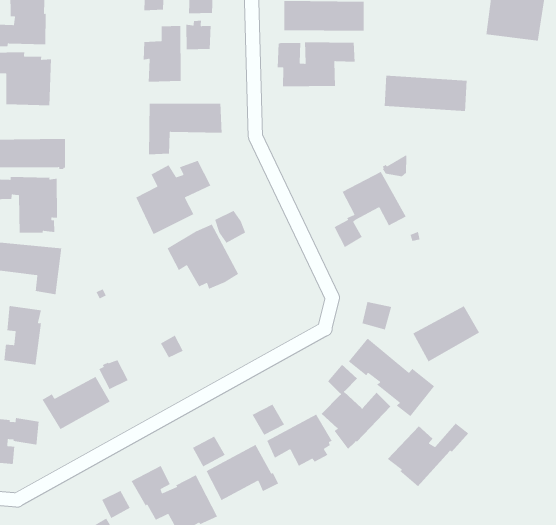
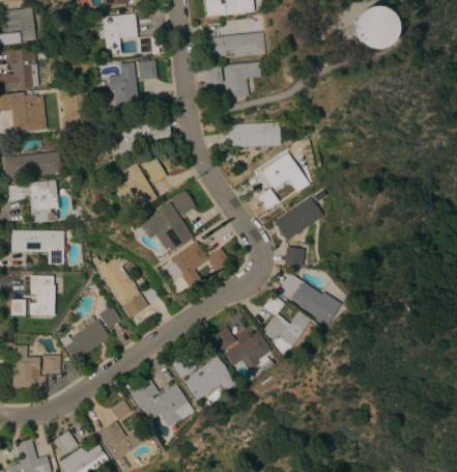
building: [384,75,468,112] -> [221,122,281,147]
building: none -> [166,241,230,288]
building: none -> [96,257,148,318]
building: [412,305,480,362] -> [274,197,322,241]
building: [387,422,469,487] -> none

